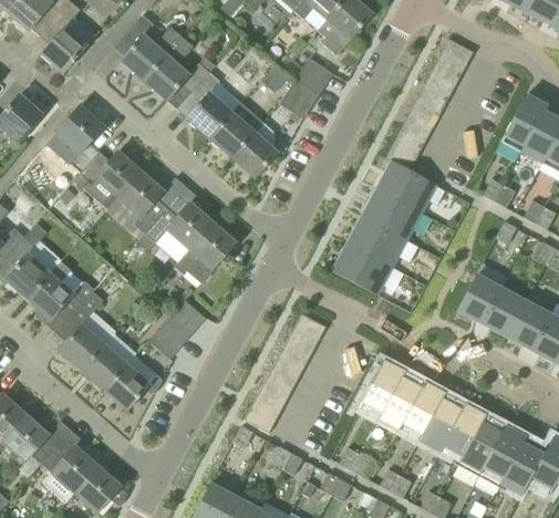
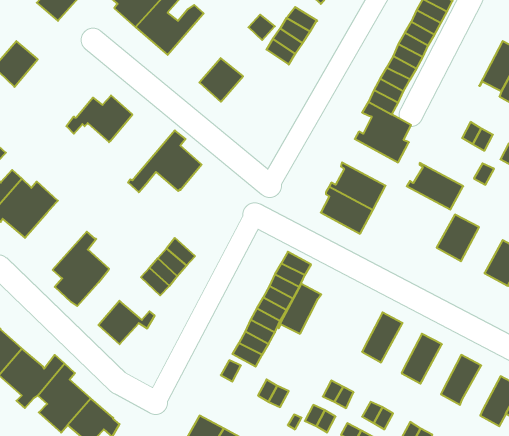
building: [177,66,240,137] -> none
building: [56,106,104,174] -> none
building: [232,122,278,177] -> none
building: [116,170,185,234] -> none
building: [359,196,417,245] -> [407,163,463,210]
building: [175,222,236,283] -> none
building: [29,262,95,332] -> none
building: [483,288,526,335] -> none
building: [83,345,127,390] -> none
building: [359,361,404,413] -> [278,284,321,334]
building: [402,383,445,435] -> none
building: [443,405,486,457] -> none
building: [484,427,527,478] -> none

